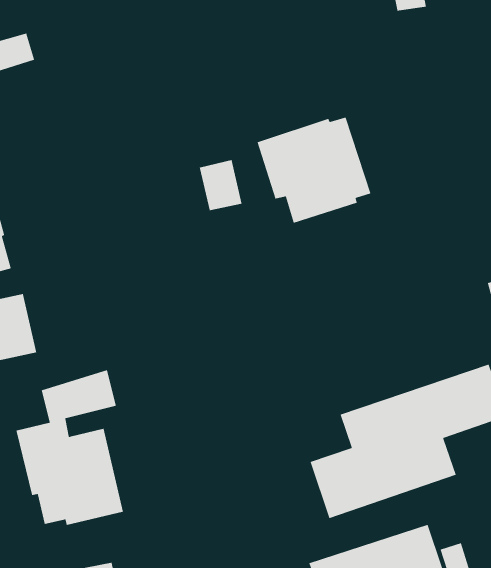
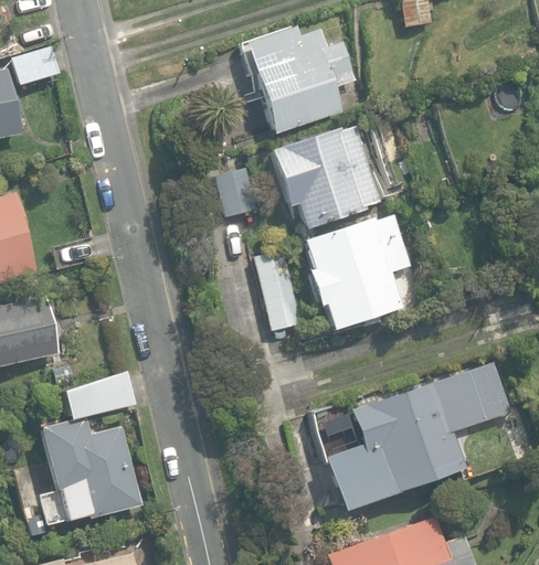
building: none -> [243,25,356,135]
building: none -> [303,213,412,329]
building: none -> [253,249,303,331]

